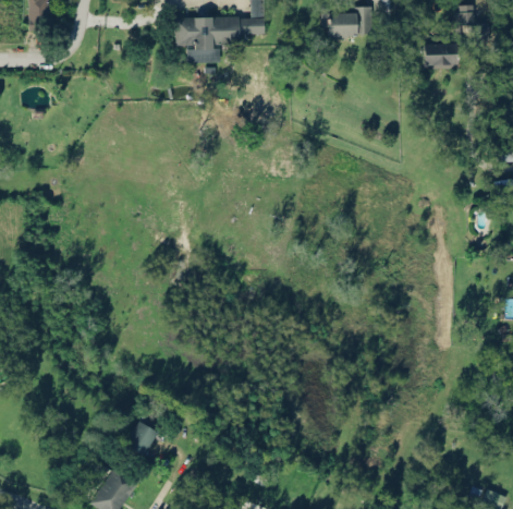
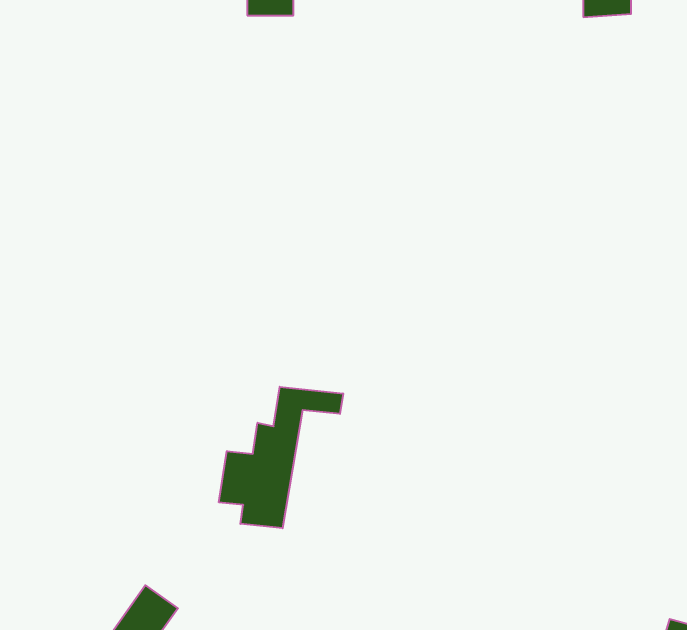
building: none -> [219,387,343,528]
building: [125,421,158,457] -> none

